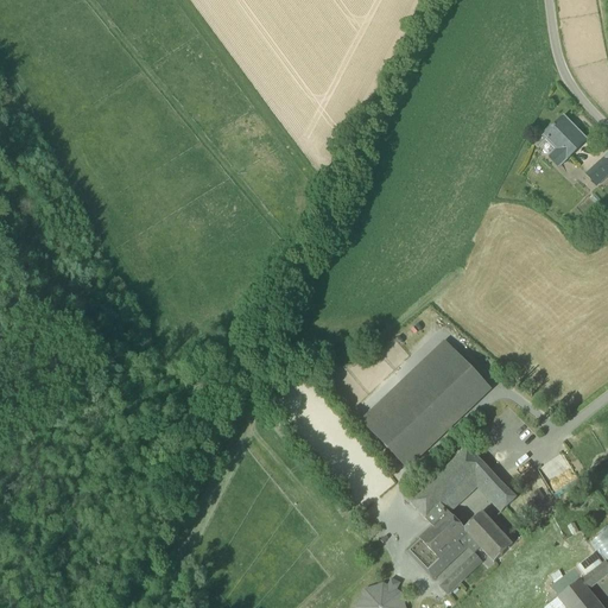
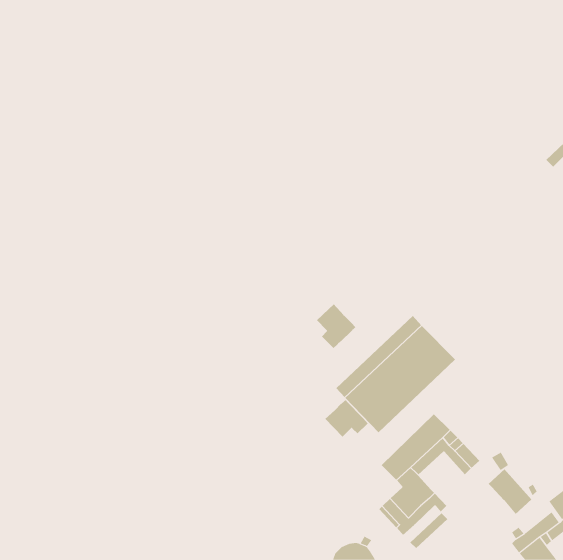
building: [545,115,588,165] -> none
building: none -> [316,303,356,349]
building: none -> [325,399,369,438]
building: [466,511,513,560] -> [488,468,532,515]

